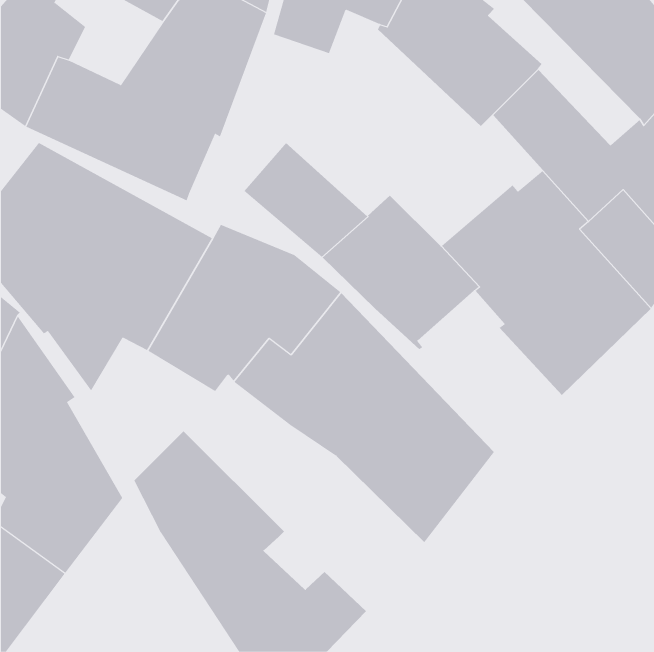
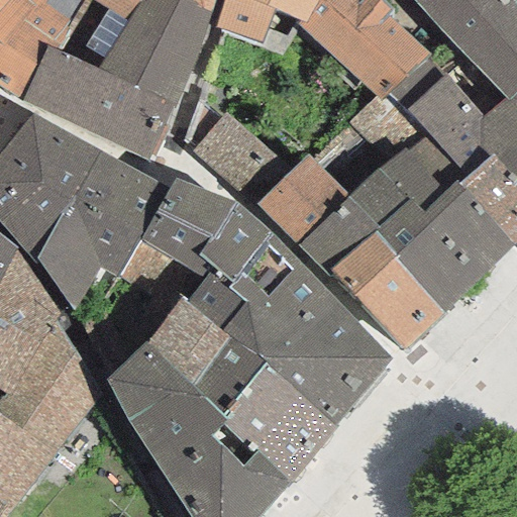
building: none -> [330,229,443,348]
building: none -> [145,296,335,482]

